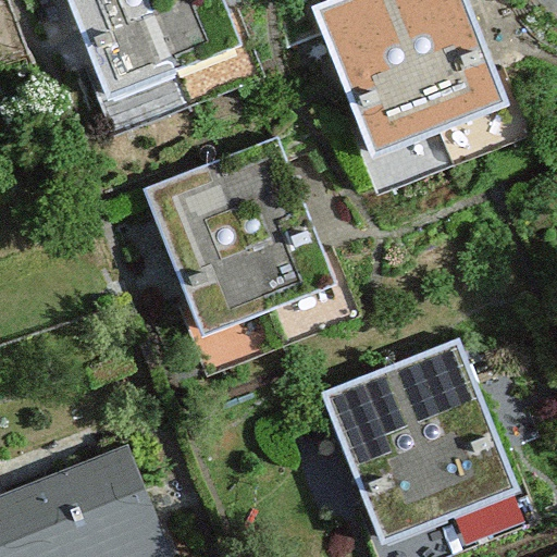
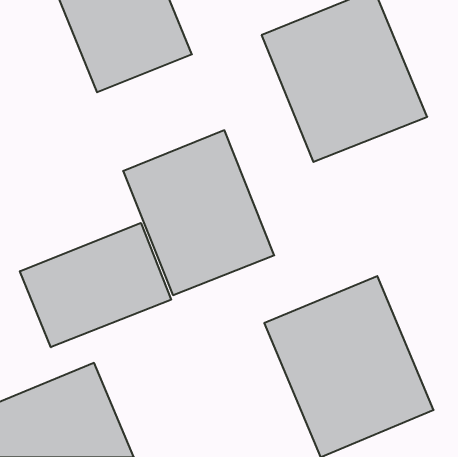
building: none -> [20,223,171,347]

